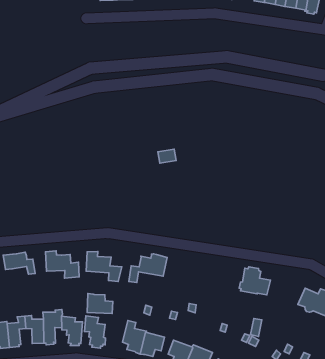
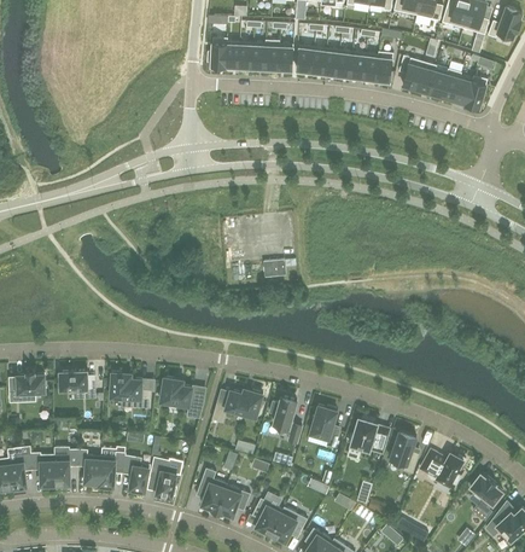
building: none -> [268,397,301,443]
building: none -> [309,406,339,448]
building: none -> [389,431,419,473]
building: [87,294,113,314] -> none

